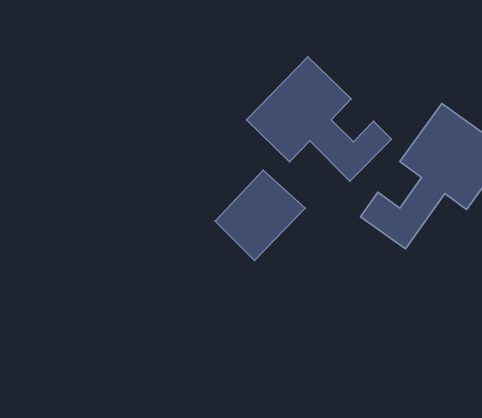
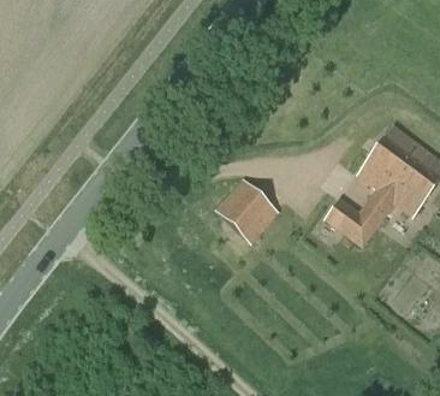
building: [246,57,391,181] -> none

